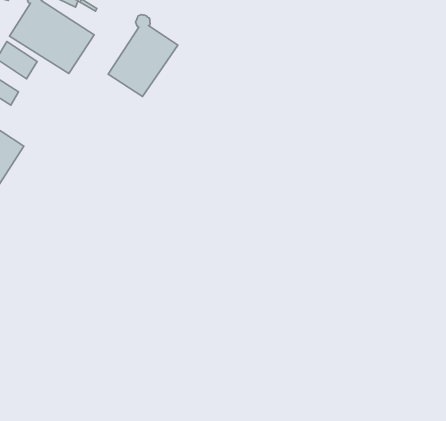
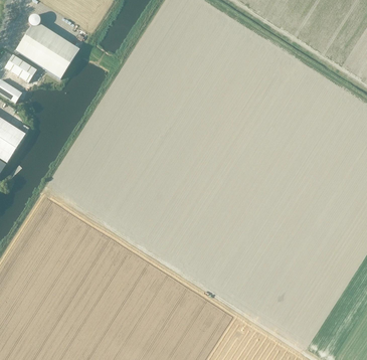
building: [108,15,178,97] -> none

